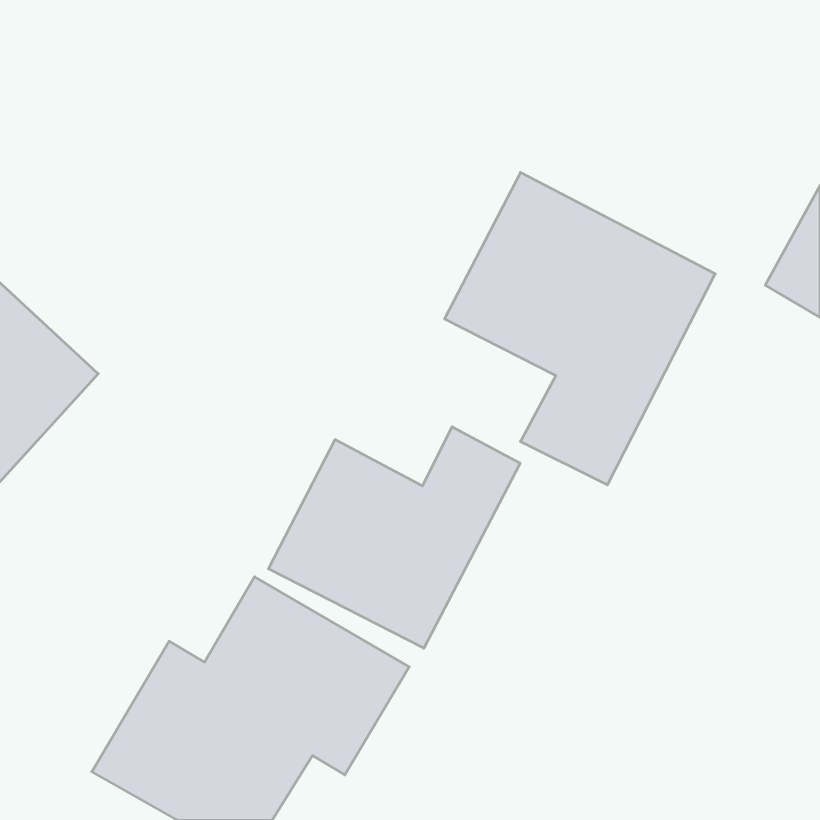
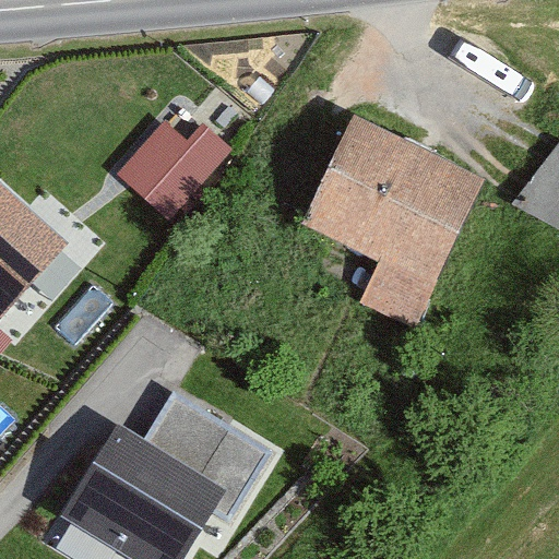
building: none -> [116,100,226,211]
building: [268,427,520,648] -> none

